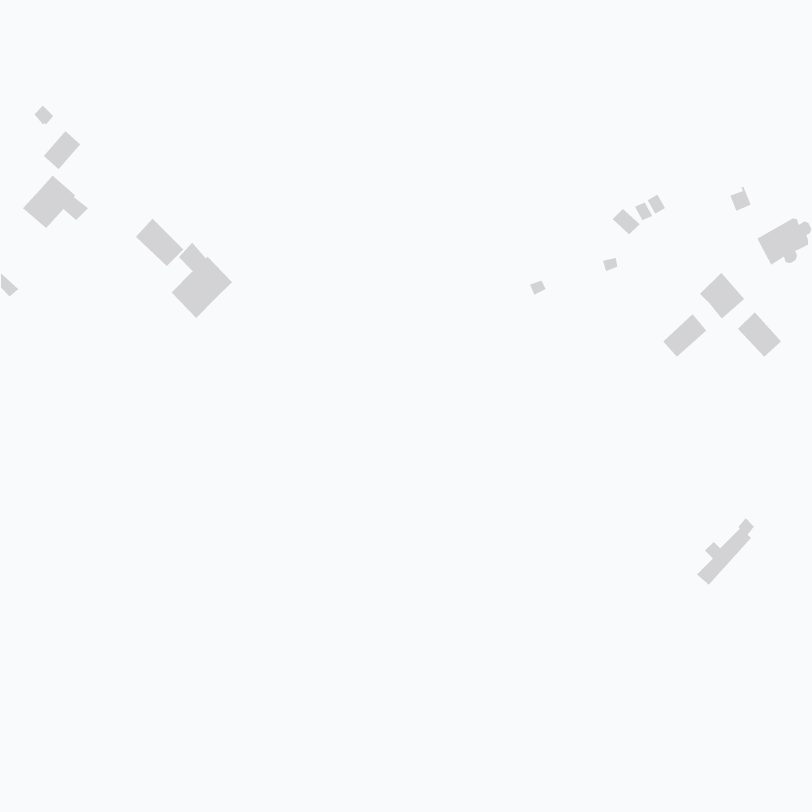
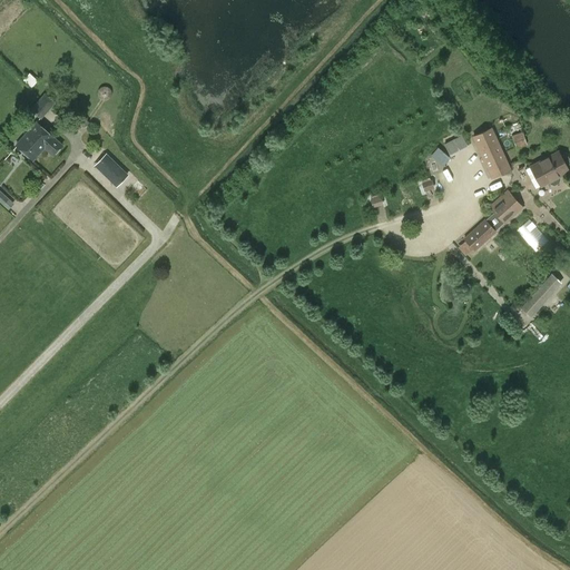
building: none -> [473,128,509,178]
building: [171,242,233,319] -> none
building: [696,517,755,586] -> [521,267,562,315]

